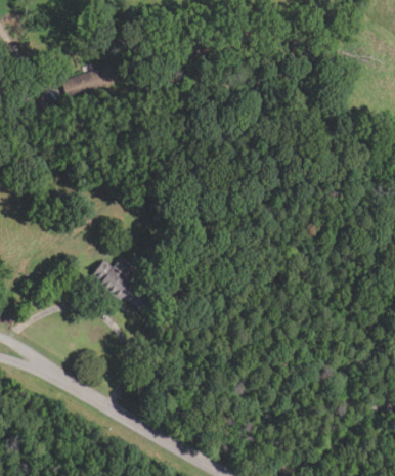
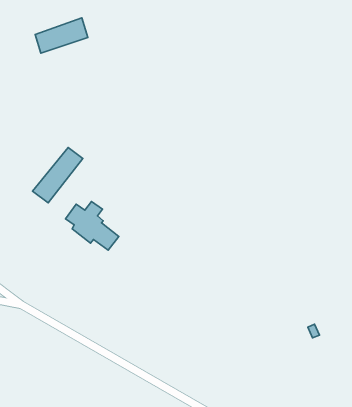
building: none -> [33,147,83,203]

